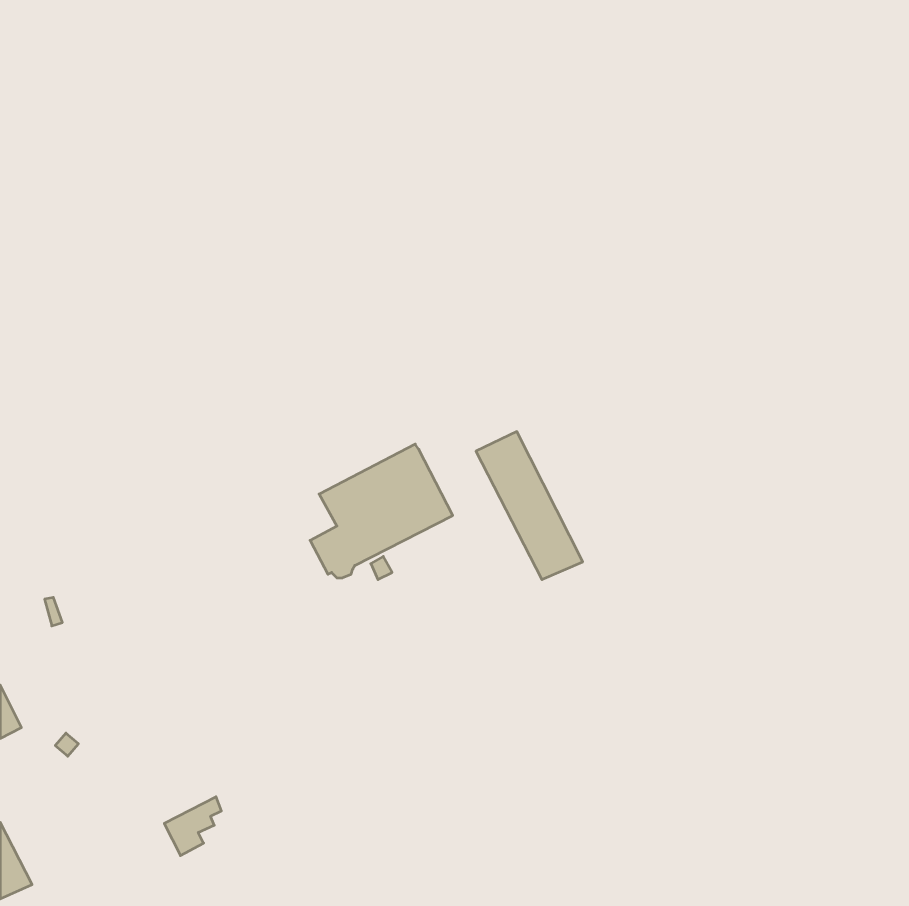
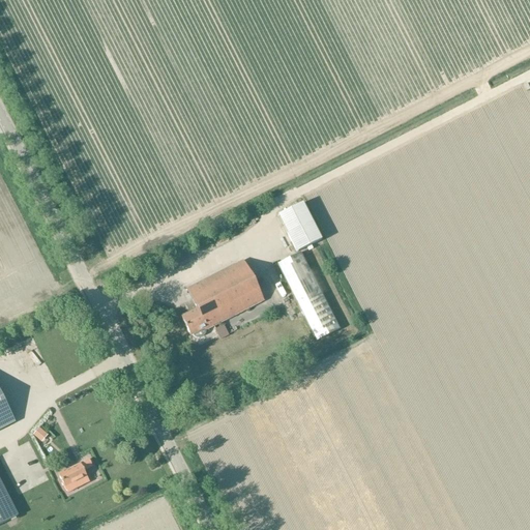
building: none -> [279,201,323,251]
building: [164,797,221,856] -> [59,458,92,492]

